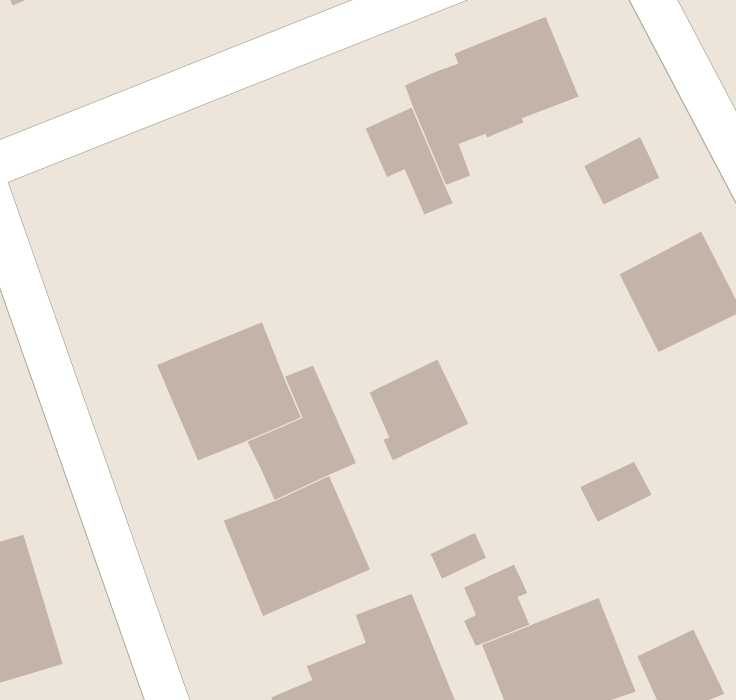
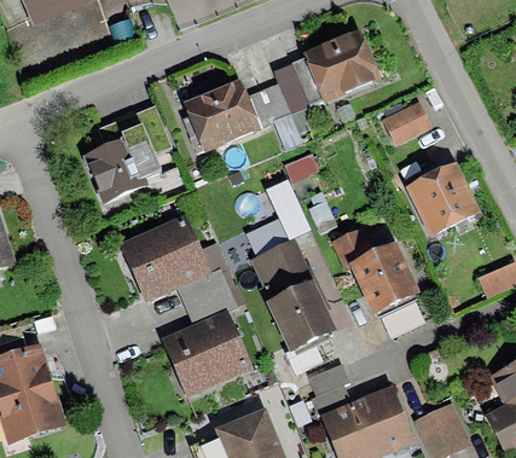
building: none -> [184,77,262,155]
building: none -> [83,104,174,203]
building: none -> [245,180,311,257]
building: none -> [331,227,419,313]
building: none -> [266,279,336,352]

